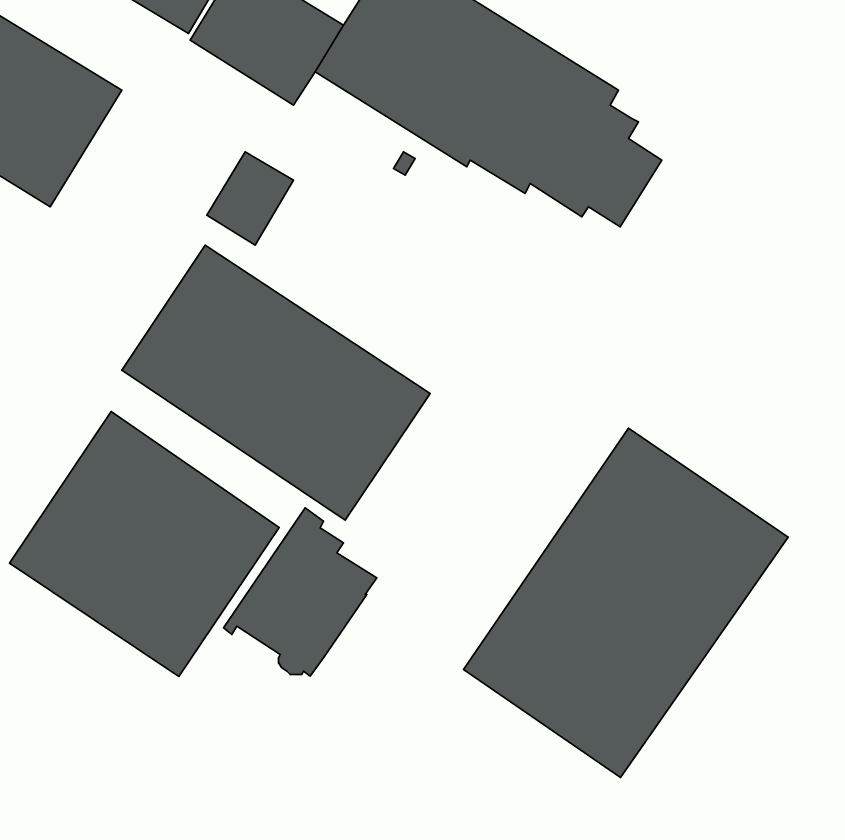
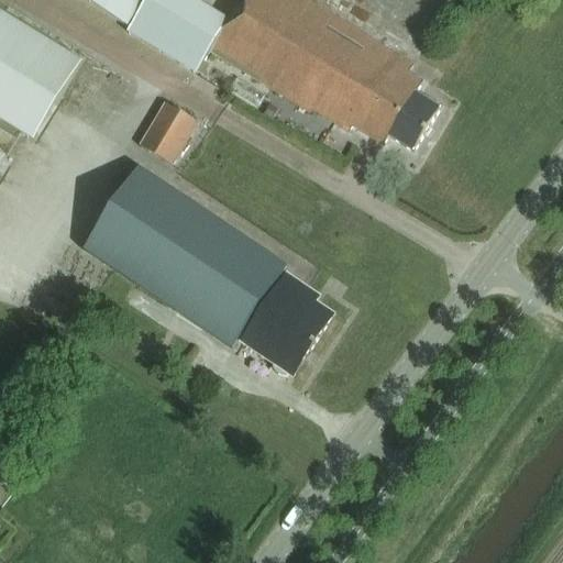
building: [10,412,279,676] -> none
building: [463,428,788,778] -> none
building: [223,508,377,676] -> [231,262,332,373]

